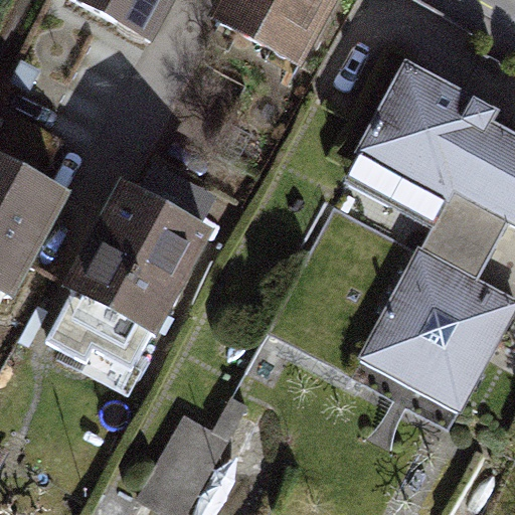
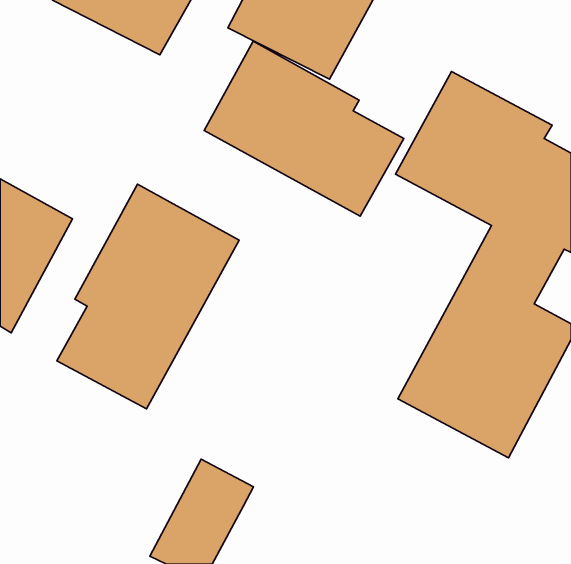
building: none -> [204,41,404,216]

